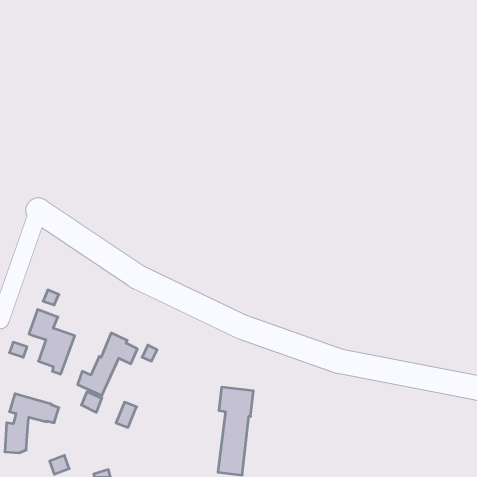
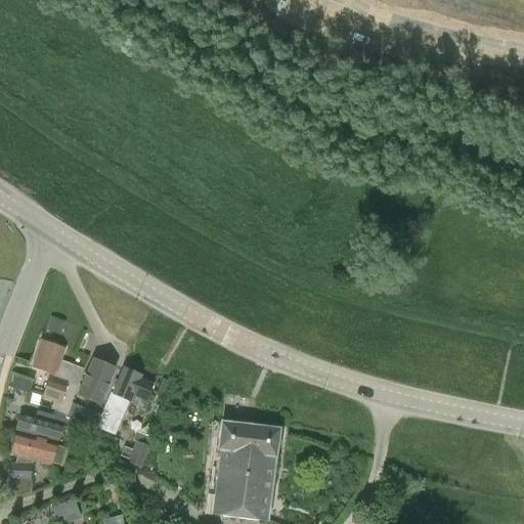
building: none -> [77,357,116,403]
building: none -> [17,408,66,439]
building: none -> [213,422,248,517]

